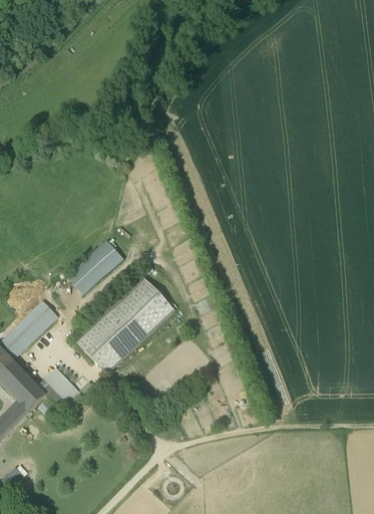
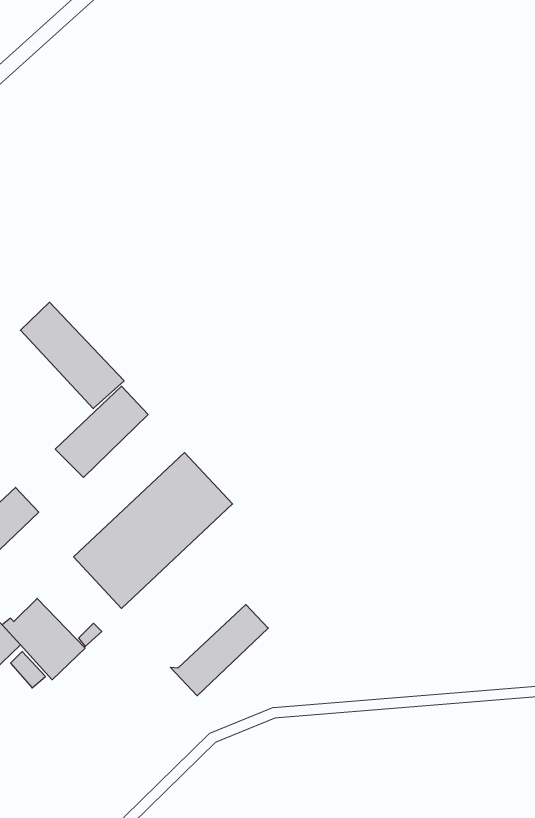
building: none -> [20,302,124,409]
building: none -> [170,605,268,696]

